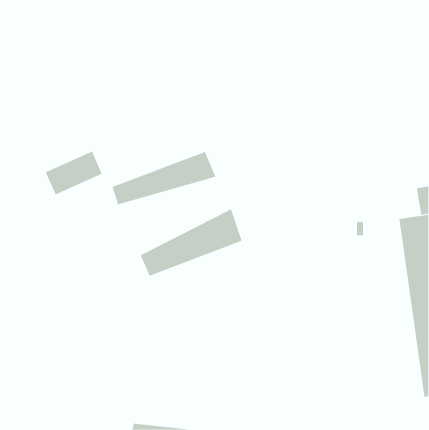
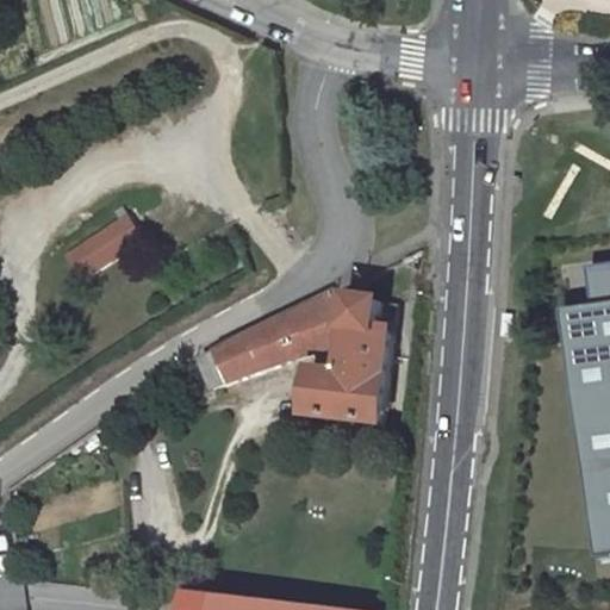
building: [112,151,216,205] -> none
building: none -> [307,297,392,421]

